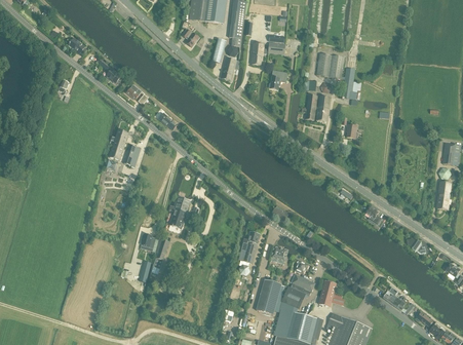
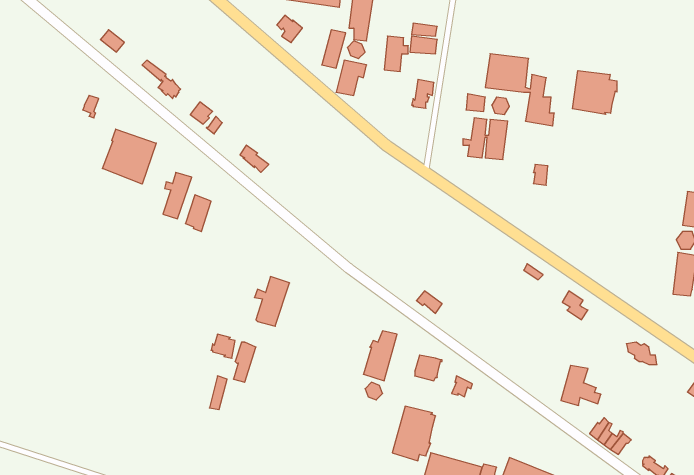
building: none -> [572,71,617,114]
building: none -> [102,129,156,184]
building: [278,274,314,313] -> none
building: [318,280,344,306] -> [561,365,601,405]

